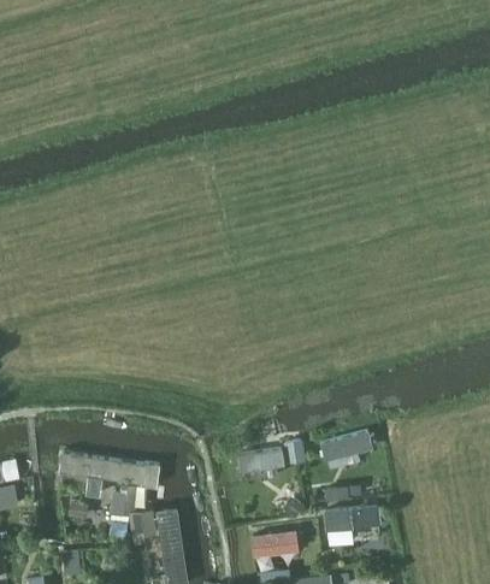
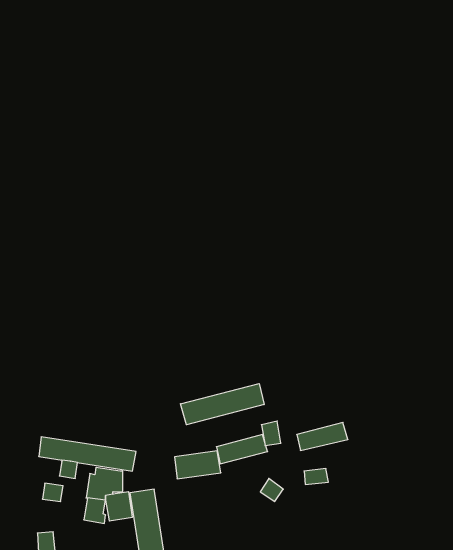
building: none -> [180,384,264,425]
building: [323,506,379,531] -> none
building: [252,529,297,556] -> [175,451,221,479]

